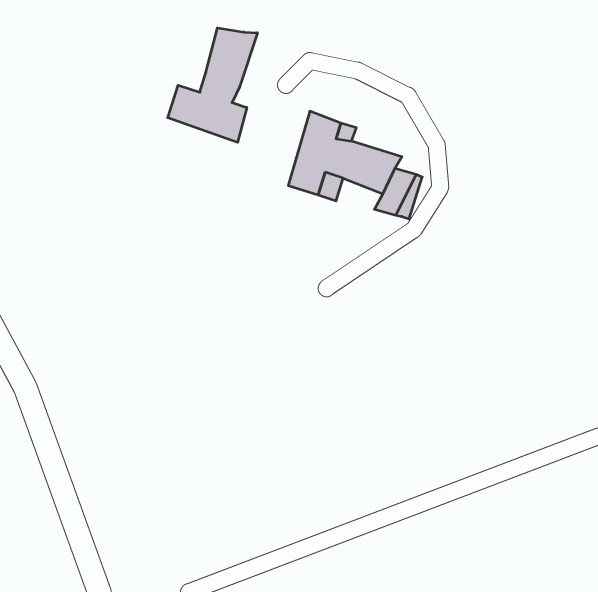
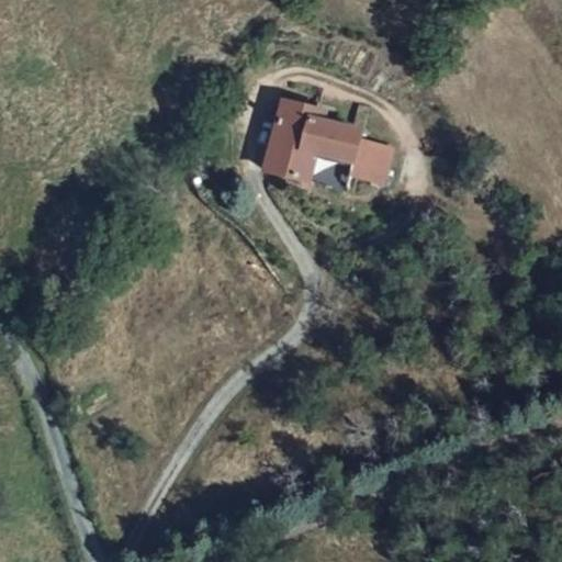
building: [168,28,257,142] -> none

